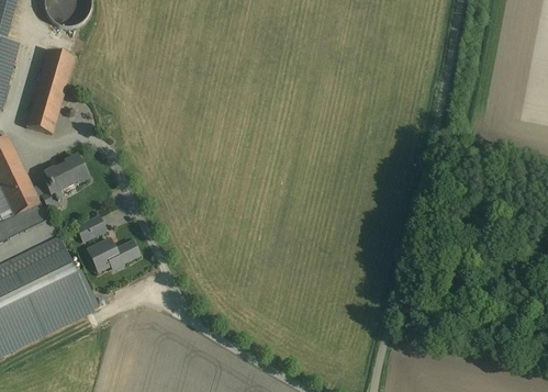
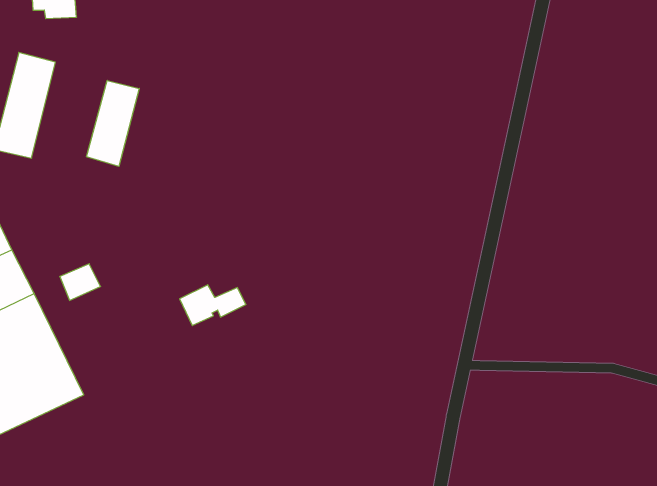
building: none -> [86,80,139,166]
building: [44,153,88,191] -> none
building: [88,237,139,269] -> [180,285,246,326]

